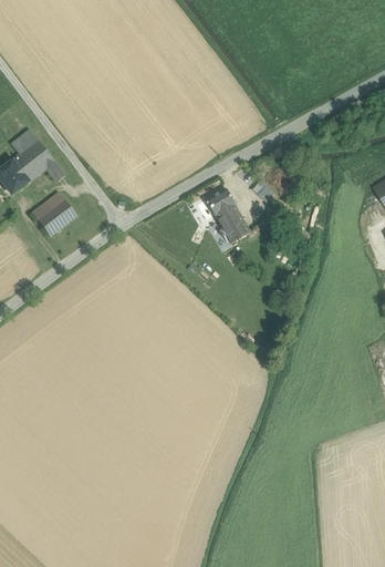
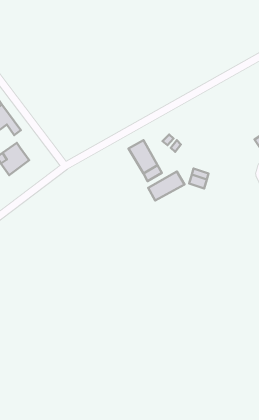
building: none -> [148,172,185,200]

